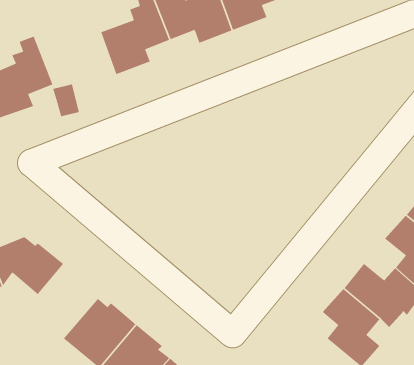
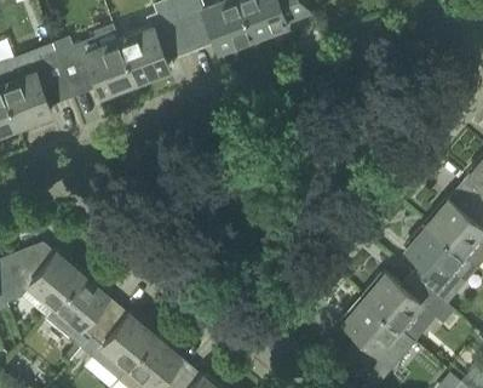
building: none -> [52,39,134,96]
building: none -> [45,274,116,349]

